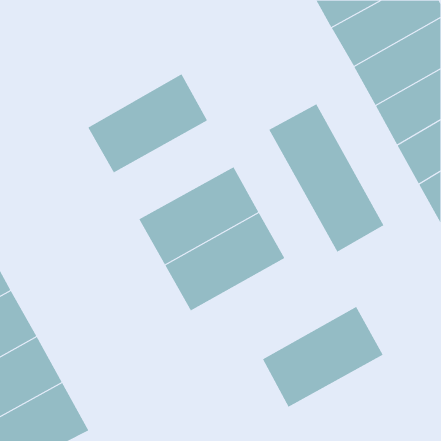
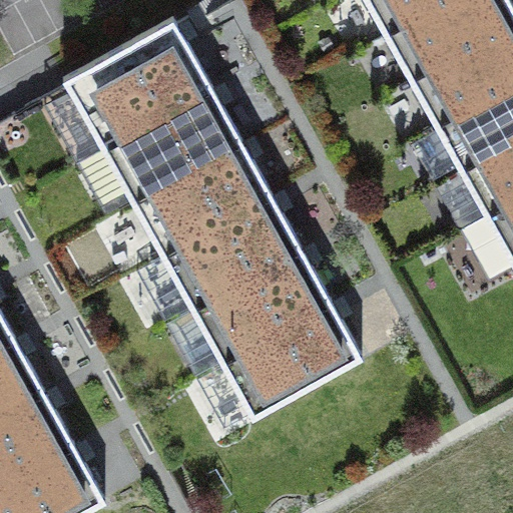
building: none -> [61,16,210,149]
building: [268,103,384,252] -> none
building: none -> [131,141,271,255]
building: [262,306,384,408] -> [220,301,361,418]

